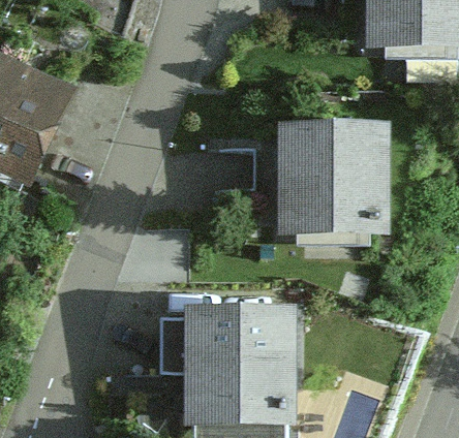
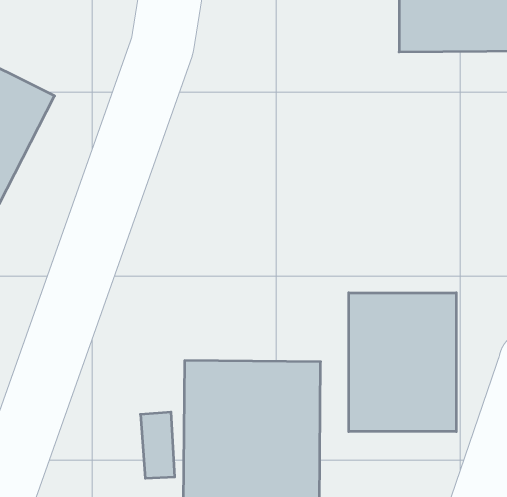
building: [277,126,390,241] -> none
building: none -> [349,293,456,432]

